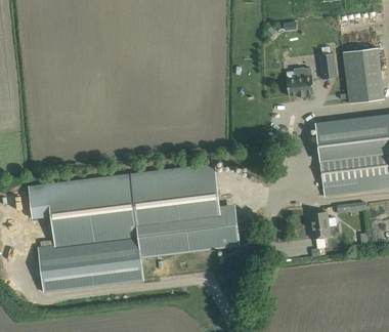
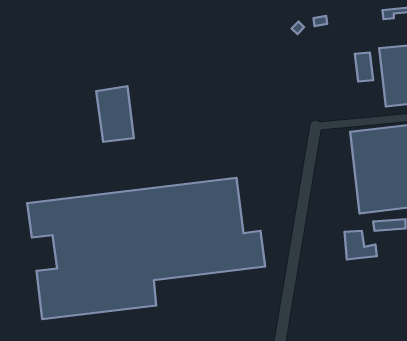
building: [286,67,313,95] -> none
building: none -> [96,86,134,142]

